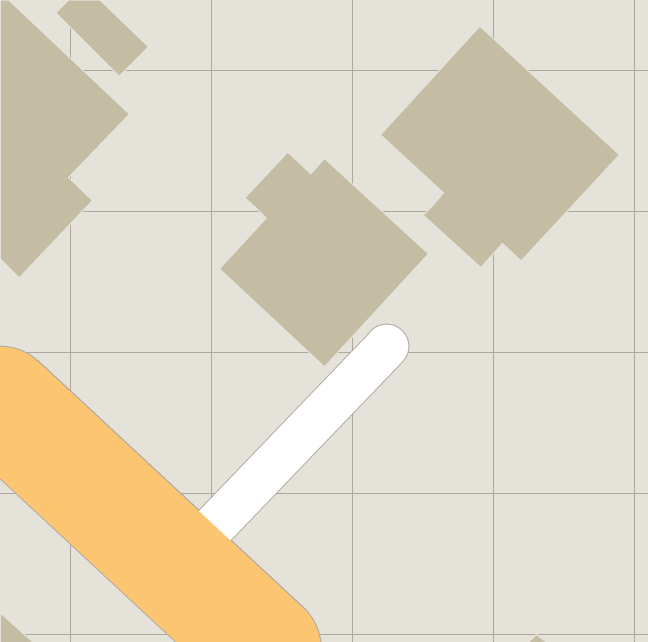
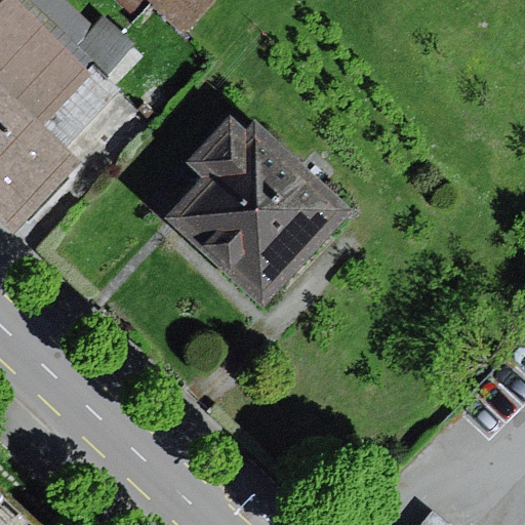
building: [381,26,619,267] -> none

